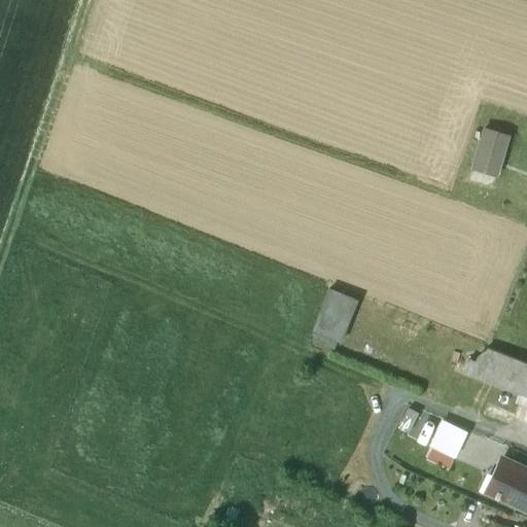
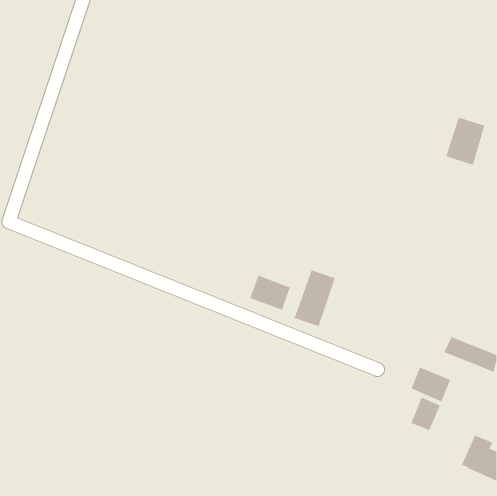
building: none -> [250,275,290,310]
building: none -> [411,367,451,402]

